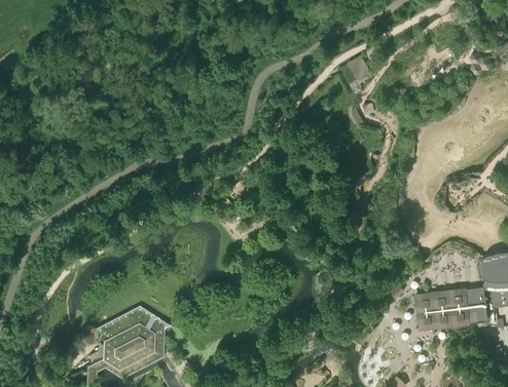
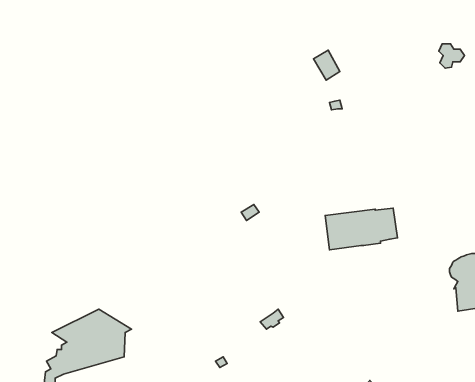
building: [416,289,486,330] -> [325,208,397,250]

